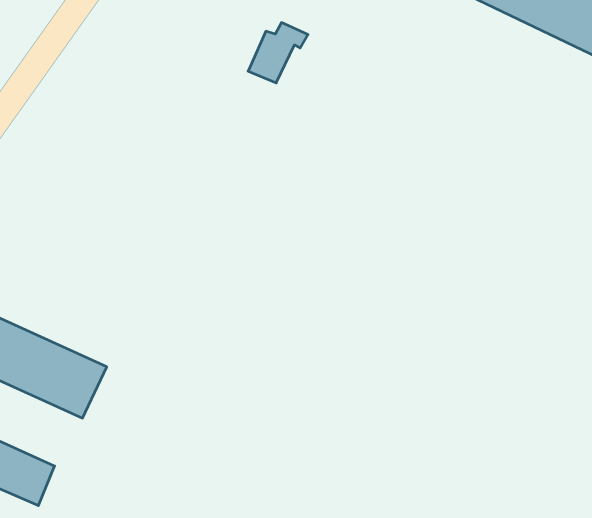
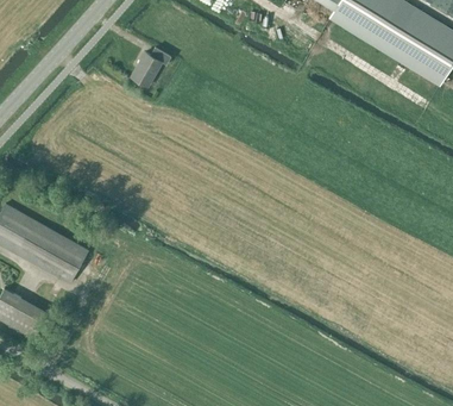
building: [248,23,308,83] -> [130,46,171,86]

